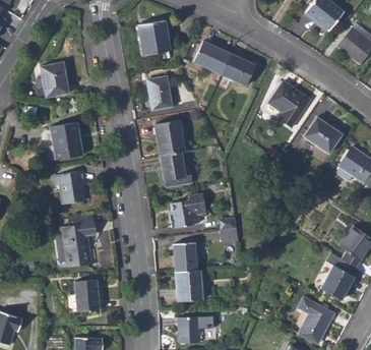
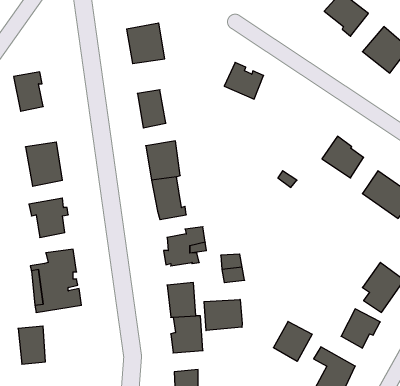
building: [192,42,230,74] -> none
building: [268,81,309,126] -> none
building: none -> [204,299,242,331]
building: none -> [273,321,312,361]
building: [75,279,99,311] -> [18,326,45,364]

